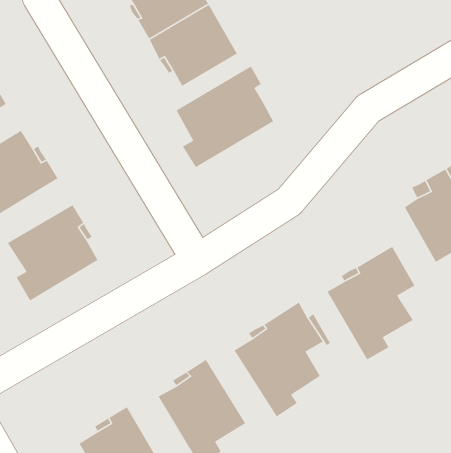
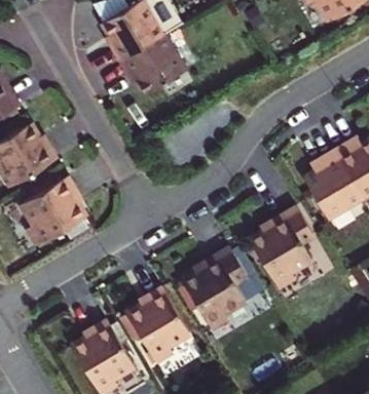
building: [175,65,274,168] -> none

